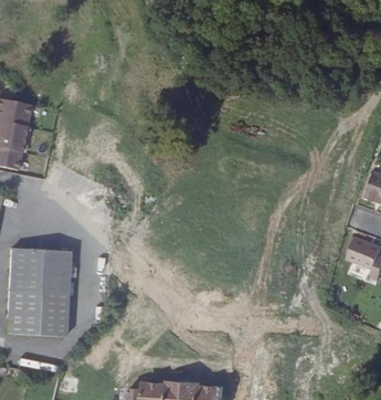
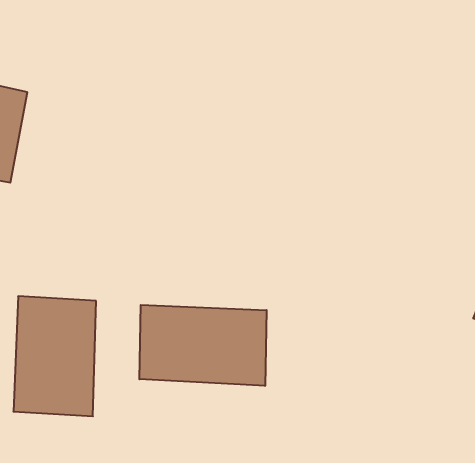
building: none -> [139,305,267,386]

